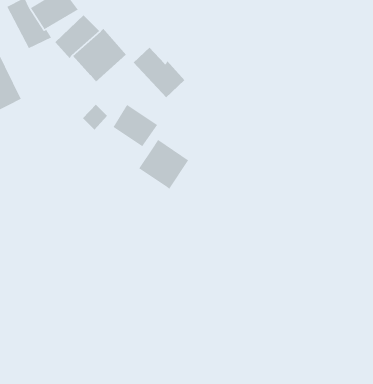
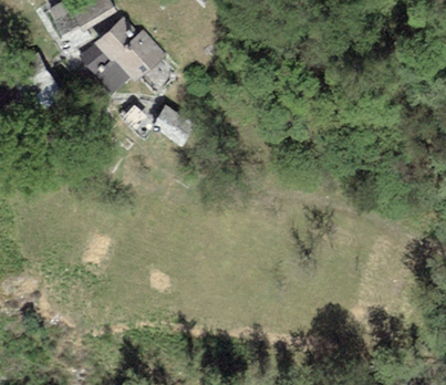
building: [133,47,185,98] -> [77,43,129,94]
building: [138,139,189,190] -> none

